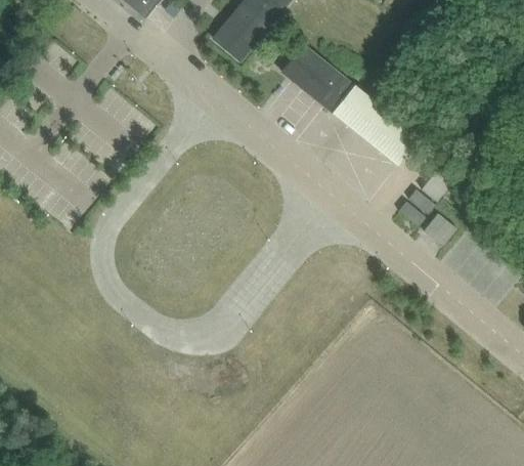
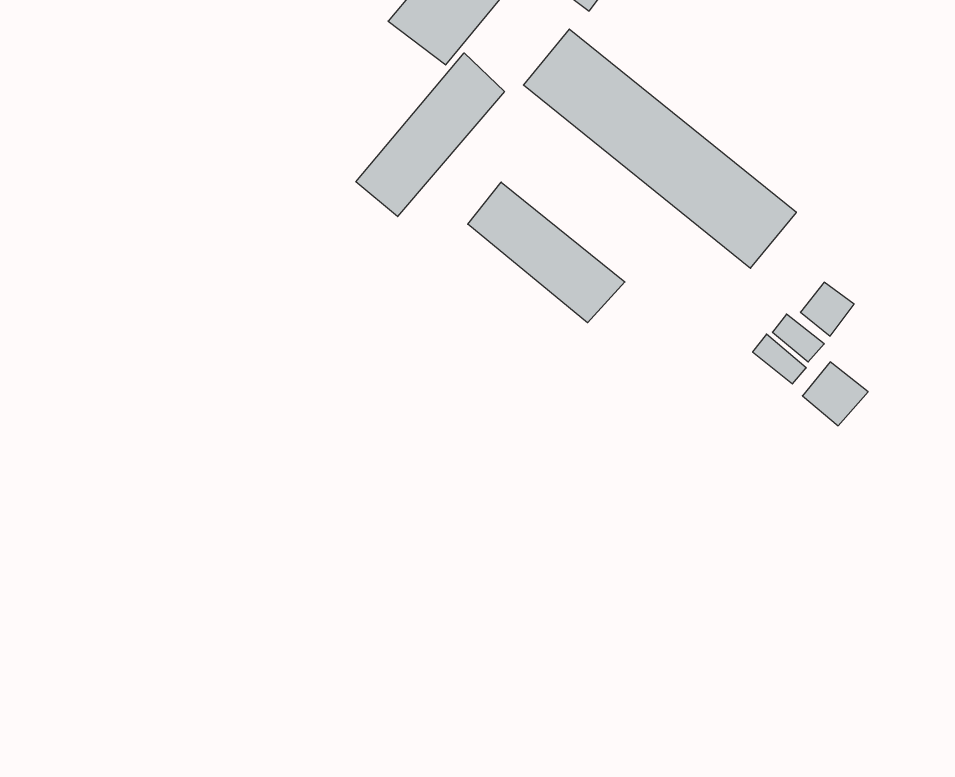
building: none -> [356,53,504,217]
building: none -> [468,182,625,323]

